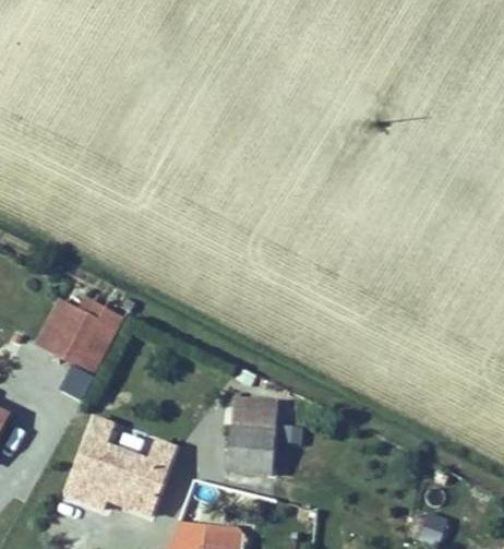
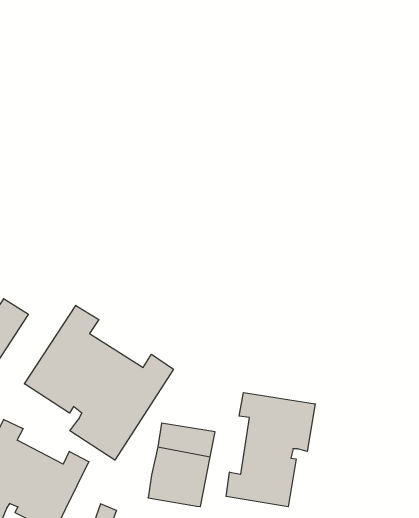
building: none -> [24,305,173,460]
building: none -> [226,393,315,507]

